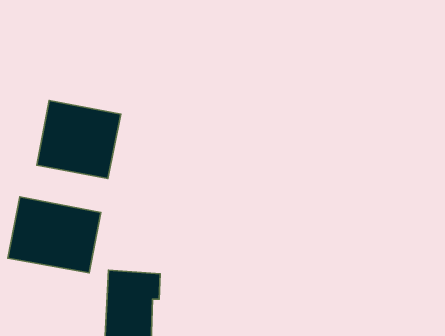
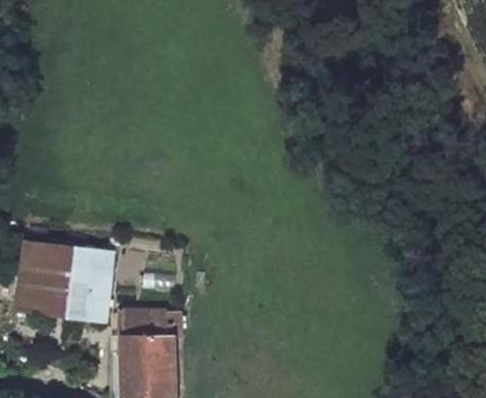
building: [37,100,121,178] -> none

